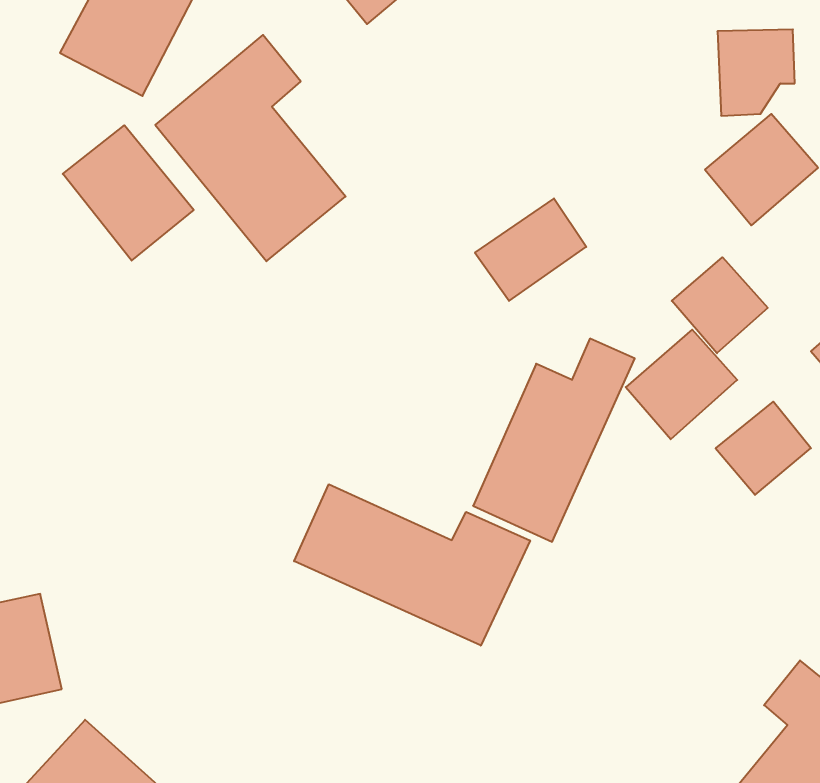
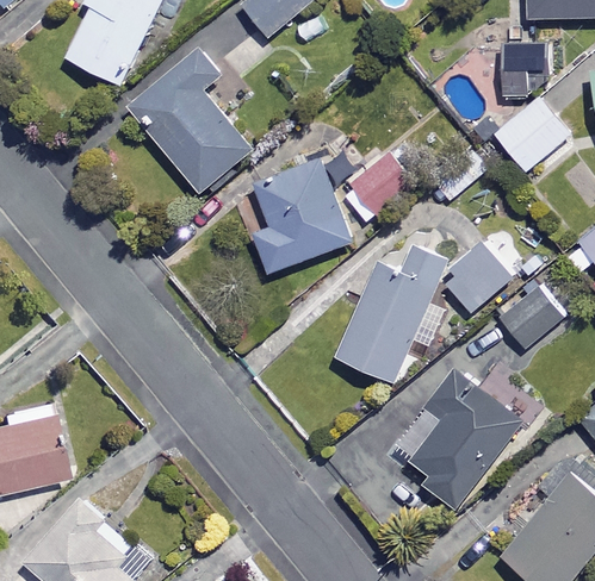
building: [63,125,194,261] -> none
building: none -> [252,158,352,274]
building: [672,257,768,353] -> none
building: [294,484,530,646] -> none
building: none -> [389,373,534,508]

